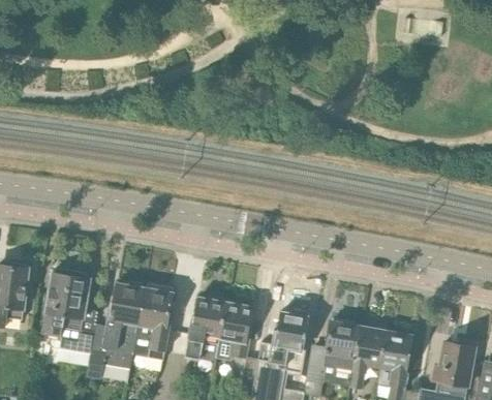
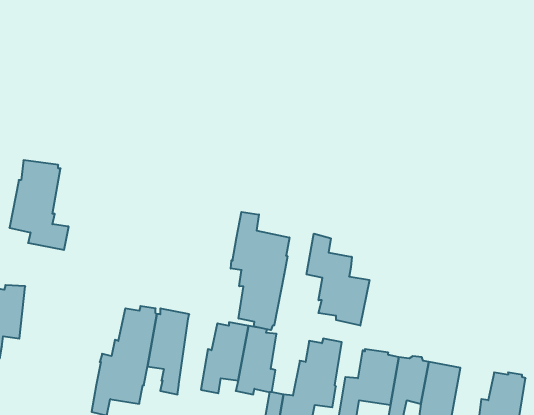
building: none -> [231,212,289,330]
building: none -> [307,234,369,326]
building: [43,273,96,352] -> [9,160,69,250]

